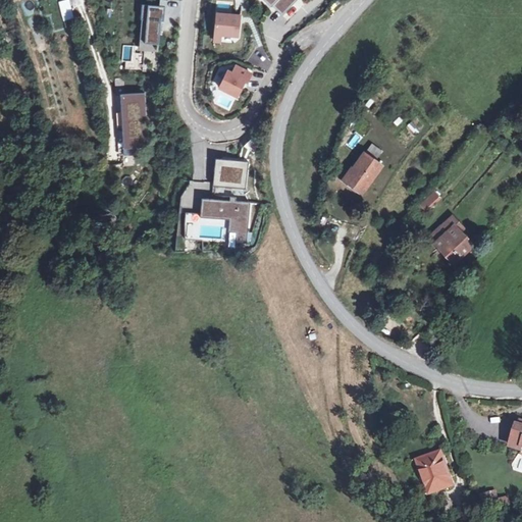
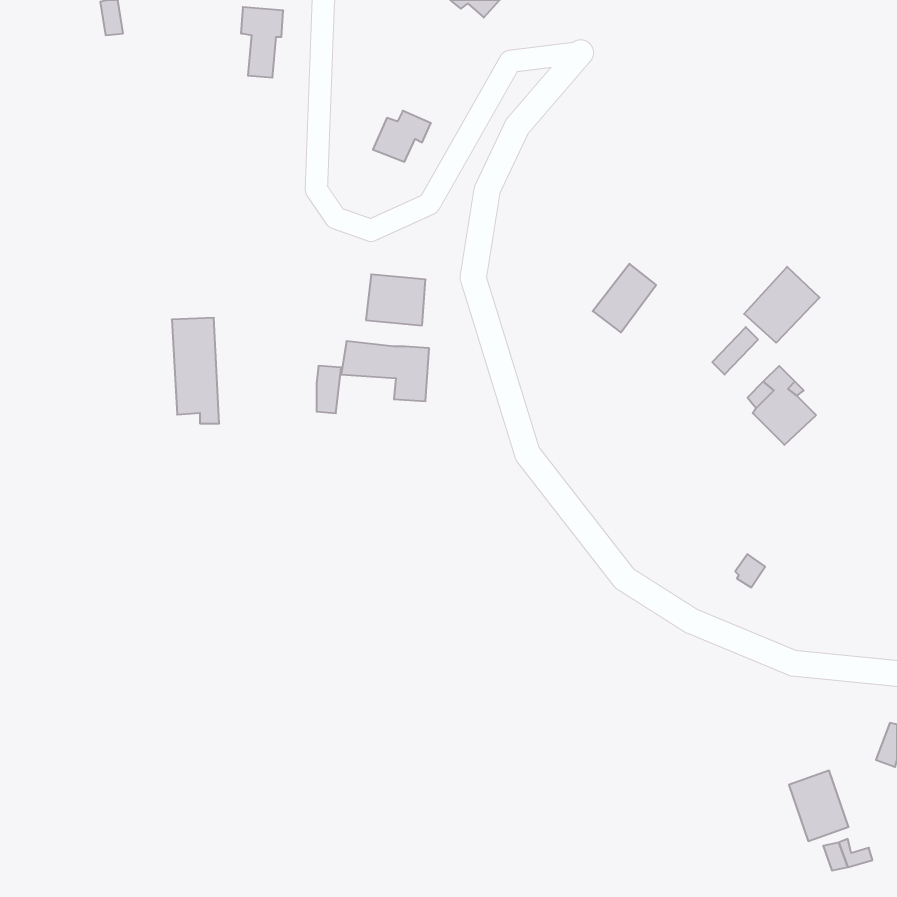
building: [211,13,239,43] -> none
building: [119,94,147,155] -> [172,318,219,423]
building: none -> [744,267,820,343]
building: [415,449,450,489] -> [789,771,849,841]

